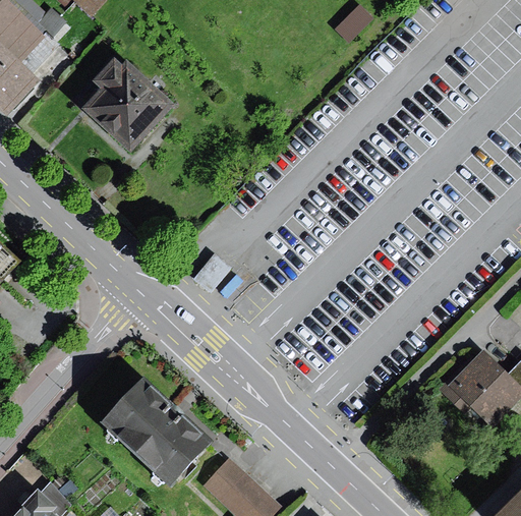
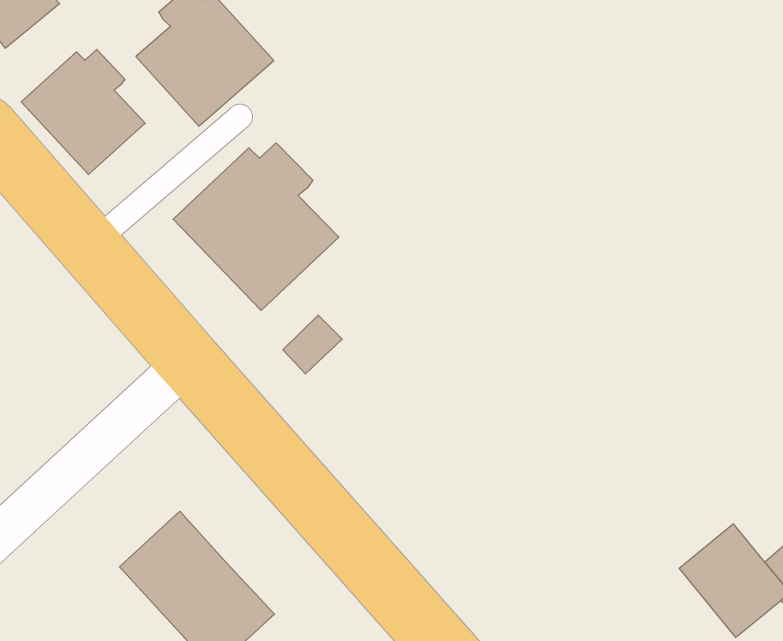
building: none -> [21,49,145,175]
building: none -> [173,143,339,310]

